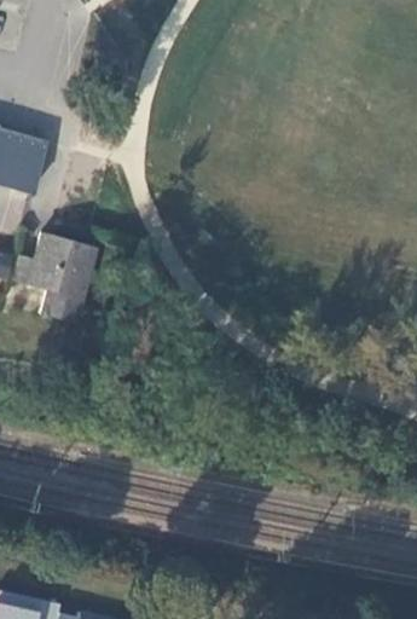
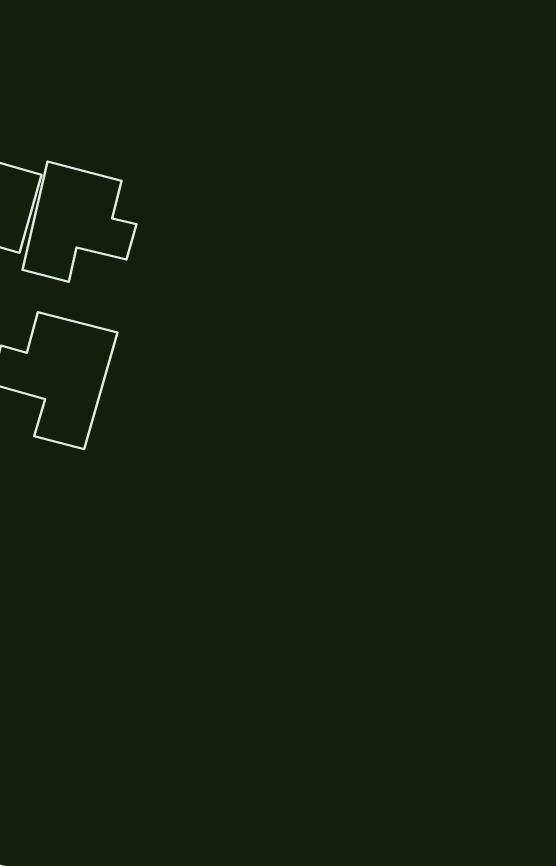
building: none -> [22,162,137,282]

